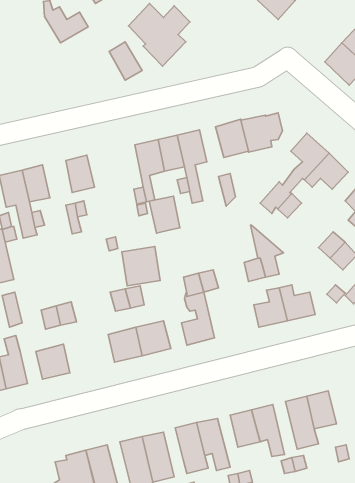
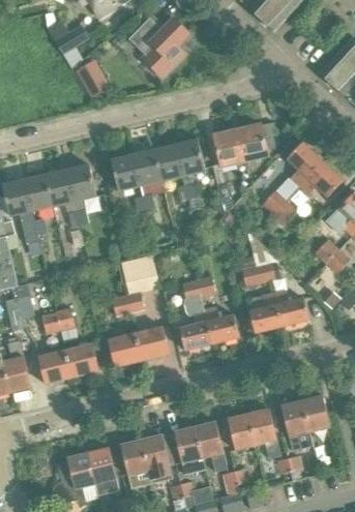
building: [109,42,142,80] -> [77,61,109,98]
building: none -> [45,170,73,206]
building: [149,196,180,233] -> [111,154,141,190]
building: none -> [205,307,240,342]
building: none -> [65,342,99,377]

